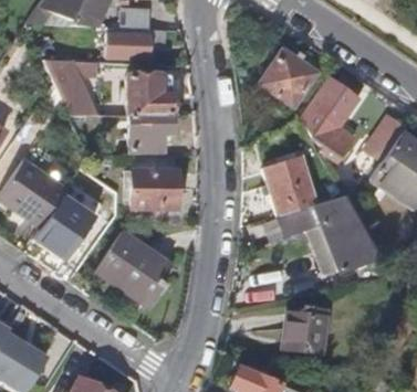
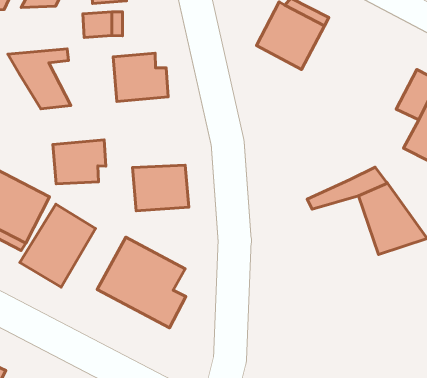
building: [298,80,354,165] -> none
building: [129,113,174,148] -> [53,140,106,184]
building: [265,155,317,212] -> none
building: [288,310,331,354] -> none

